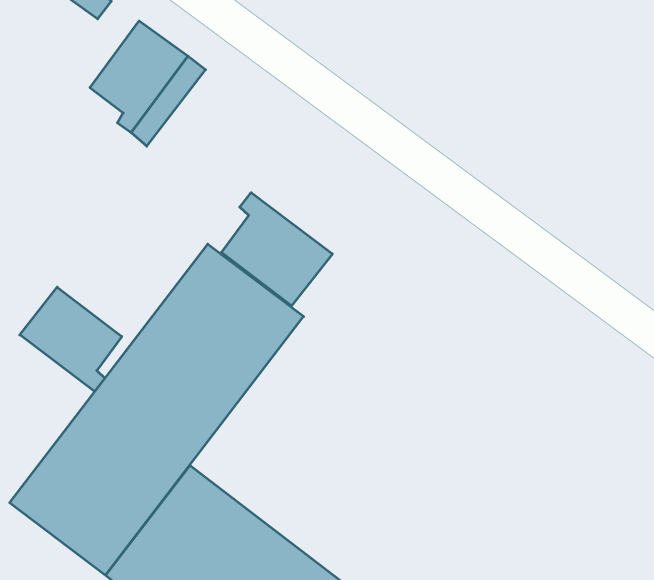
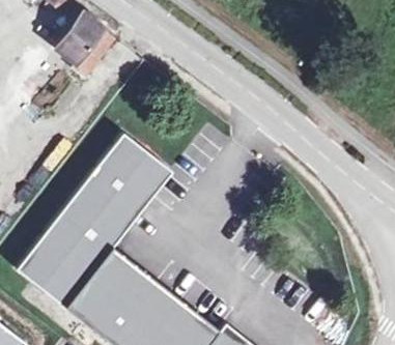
building: [221,193,332,306] -> none
building: [20,287,122,391] -> none

